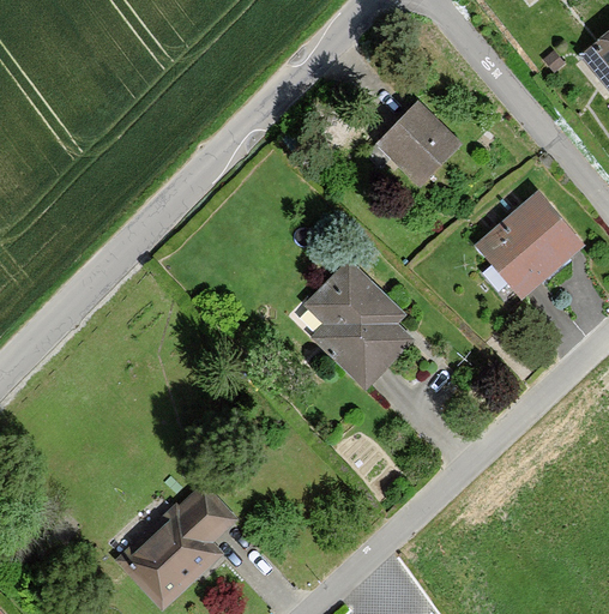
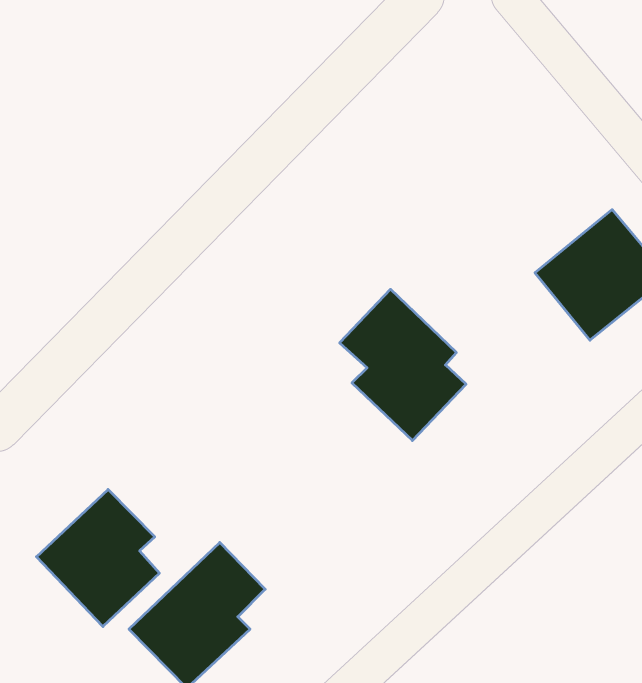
building: [369,100,464,195] -> none
building: none -> [36,489,159,627]

